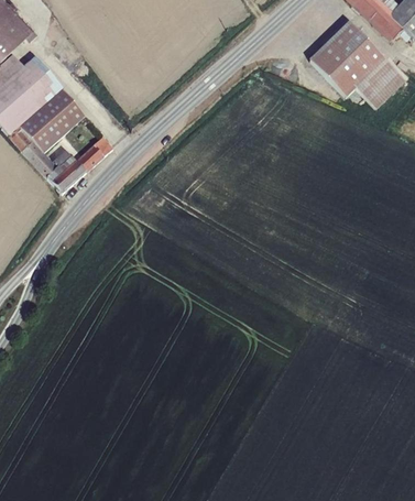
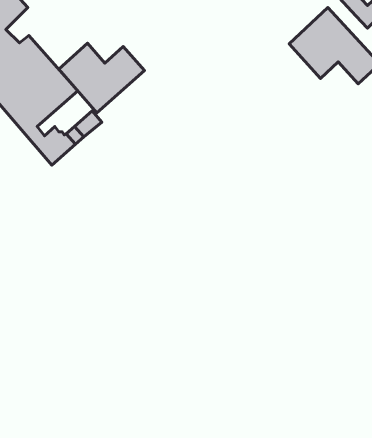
building: none -> [59,43,145,113]

